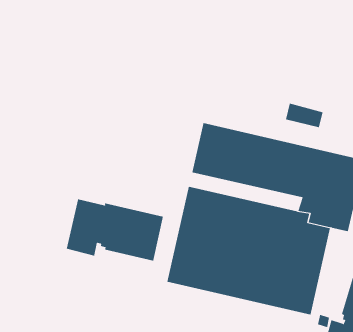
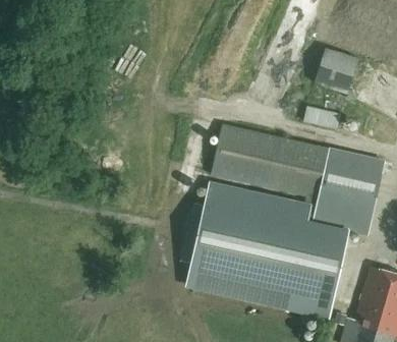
building: none -> [315,47,359,94]
building: [66,199,164,262] -> none

